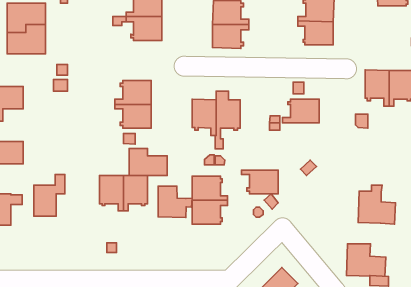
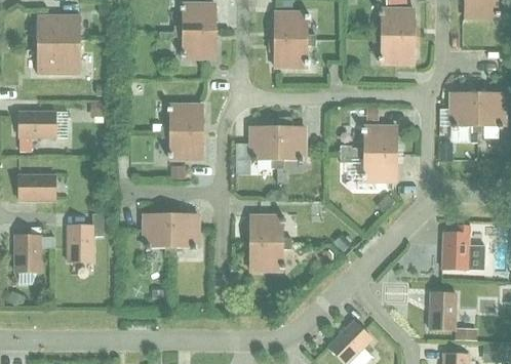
building: [129,148,167,175] -> none
building: [242,170,278,194] -> [355,153,397,180]
building: [158,186,192,217] -> none

